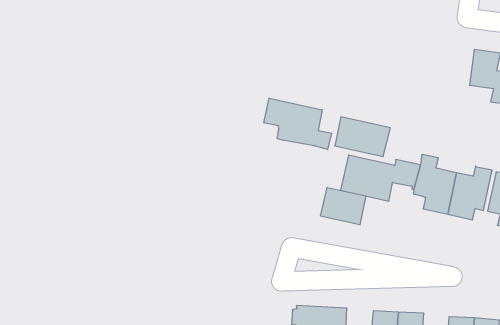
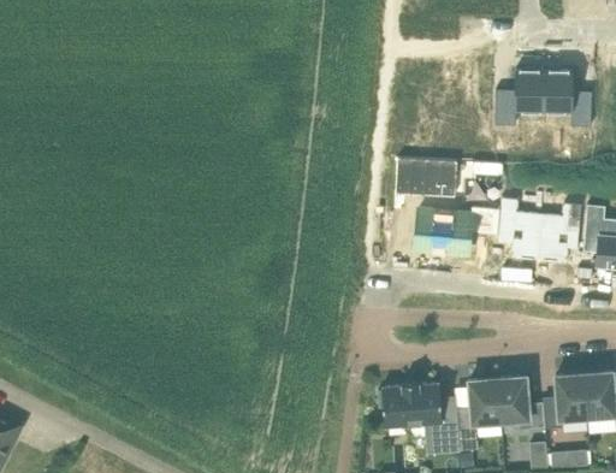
building: none -> [496,69,544,125]
building: [264,98,332,150] -> none
building: [321,187,366,225] -> none

